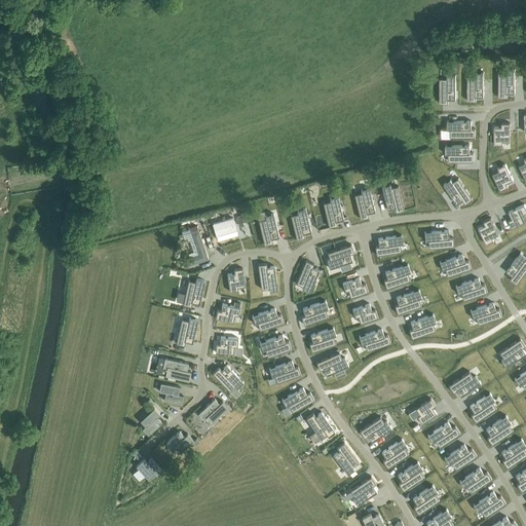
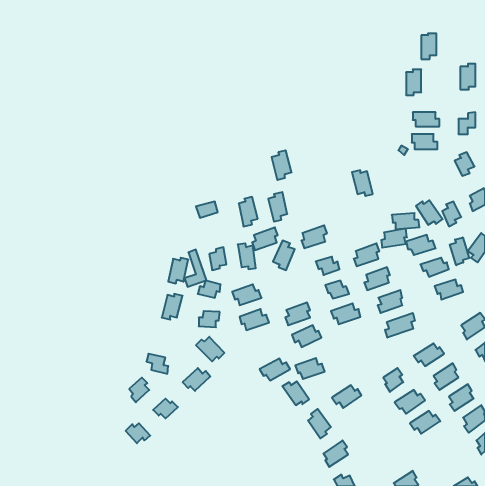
building: [466,73,483,101] -> [421,33,436,59]
building: [443,178,472,204] -> [416,200,443,225]
building: [353,187,374,219] -> none
building: [322,195,343,227] -> [272,150,292,180]
building: [183,225,206,265] -> [185,250,206,287]
building: [374,234,402,255] -> [381,229,407,248]
building: none -> [450,237,469,265]
building: [300,300,328,325] -> [252,227,278,250]
building: none -> [385,313,415,338]
building: [162,358,190,380] -> none
building: [268,360,300,382] -> [295,358,325,379]
building: [381,438,408,467] -> none
building: [397,461,423,490] -> none
building: [458,467,491,492] -> none
building: [412,484,438,514] -> none
building: [473,491,504,517] -> none

